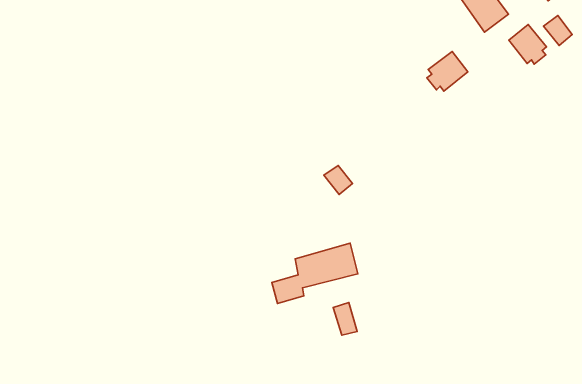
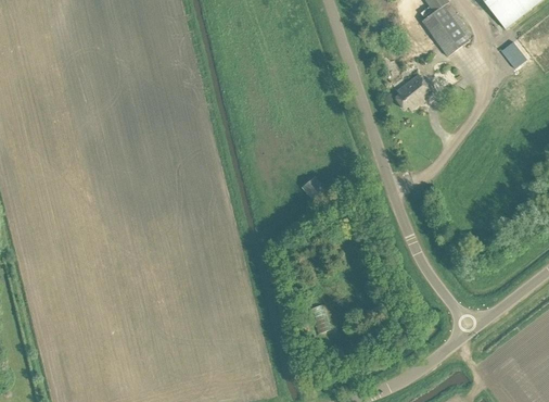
building: [509,24,547,64] -> none
building: [272,243,358,303] -> none

